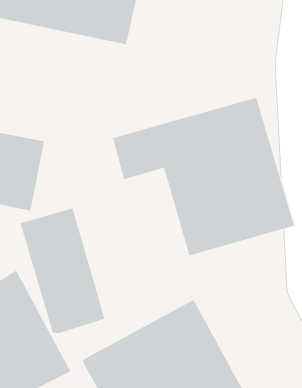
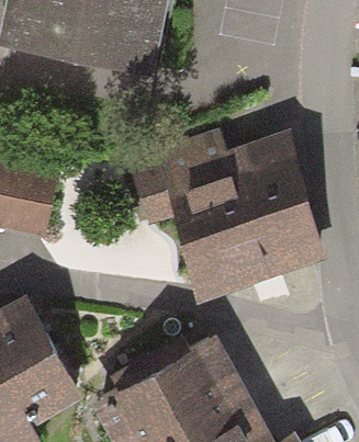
building: [20,208,105,334] -> none

